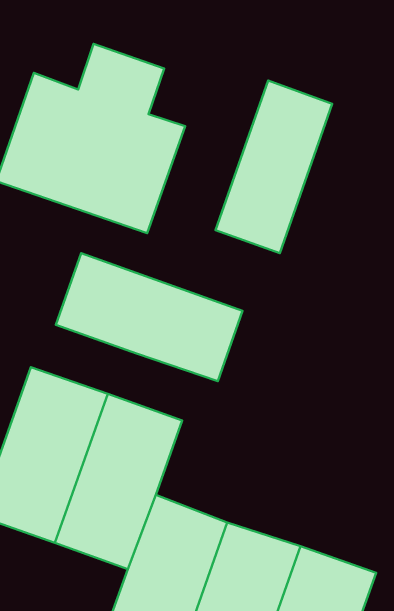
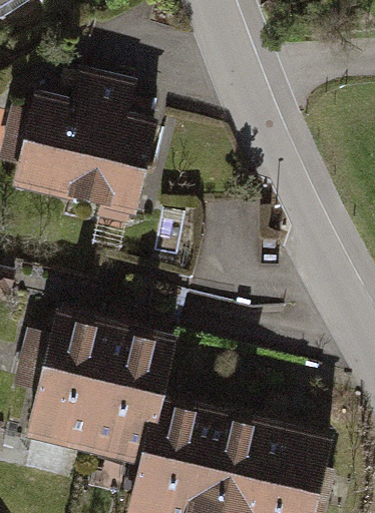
building: [216,80,332,253] -> none
building: [56,253,243,381] -> none

